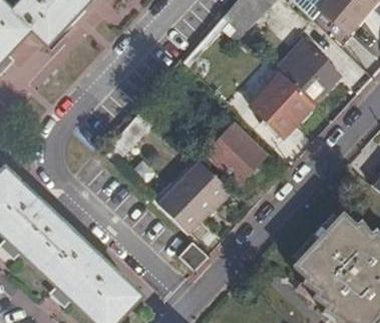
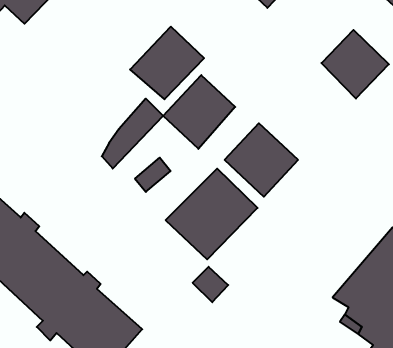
building: none -> [130,27,204,99]
building: [252,72,314,134] -> none
building: none -> [163,75,235,149]

